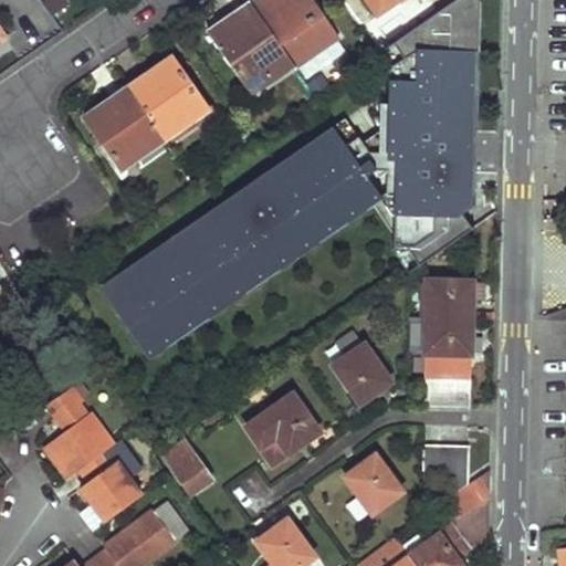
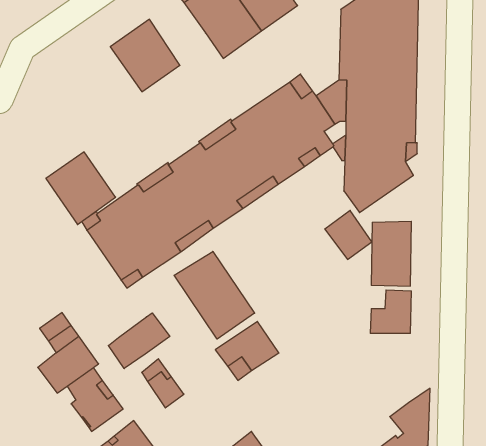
building: [85,86,164,168] -> [46,152,116,225]
building: none -> [174,251,255,339]
building: [336,345,389,400] -> [325,210,372,259]
building: none -> [108,313,170,369]
building: [421,451,464,506] -> none
building: [349,457,405,515] -> none

